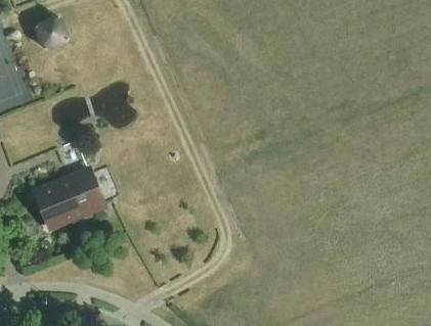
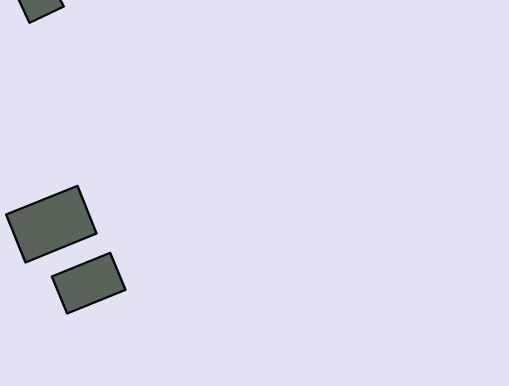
building: none -> [52,253,125,313]

